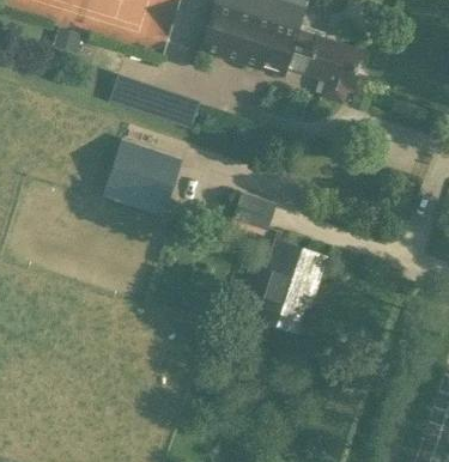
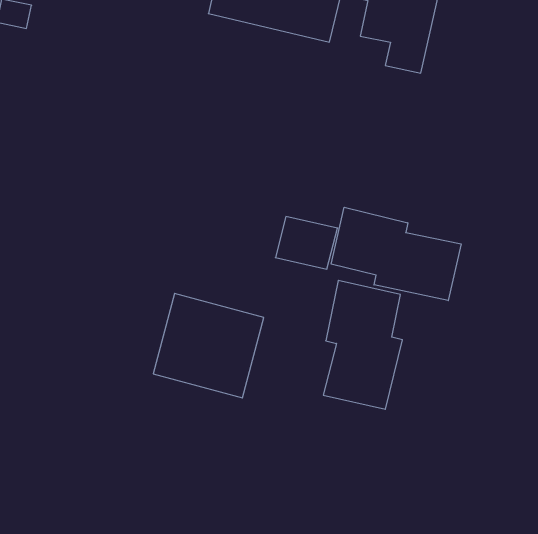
building: [104,140,183,215] -> [153,293,264,398]
building: none -> [331,207,461,301]

